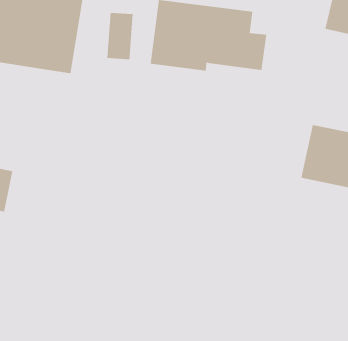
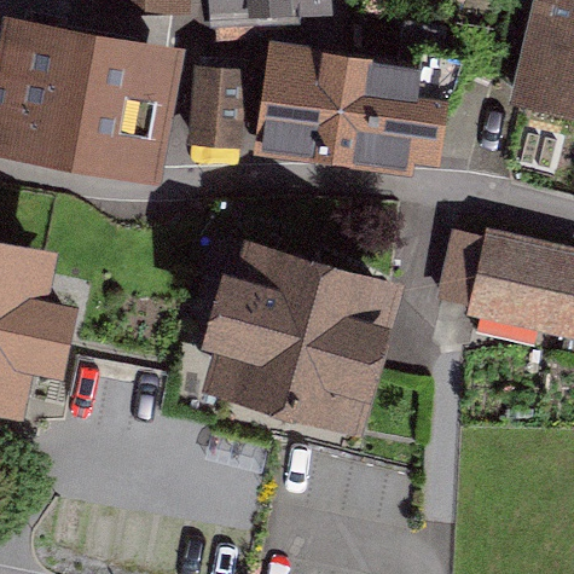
building: none -> [216,253,388,416]

